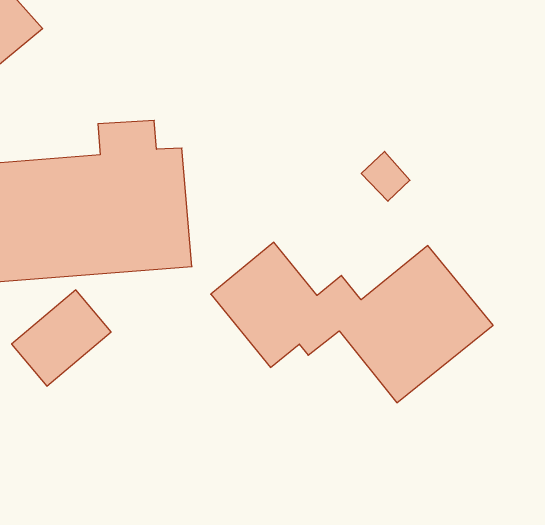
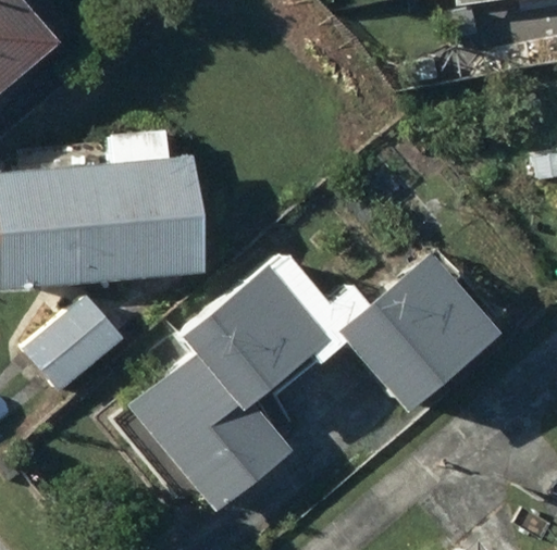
building: none -> [129,302,290,511]

